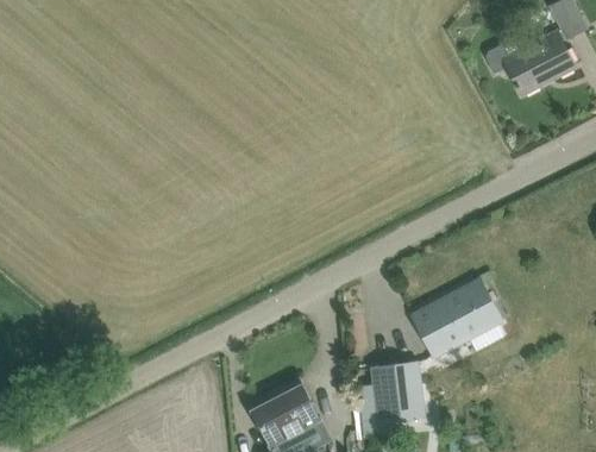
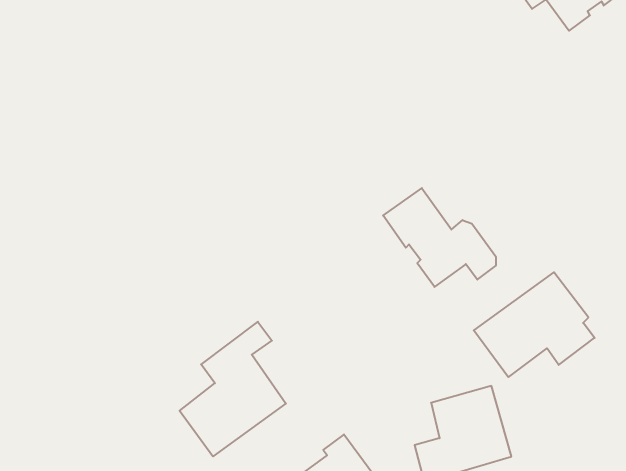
building: none -> [383,188,496,287]
building: none -> [180,322,286,456]

